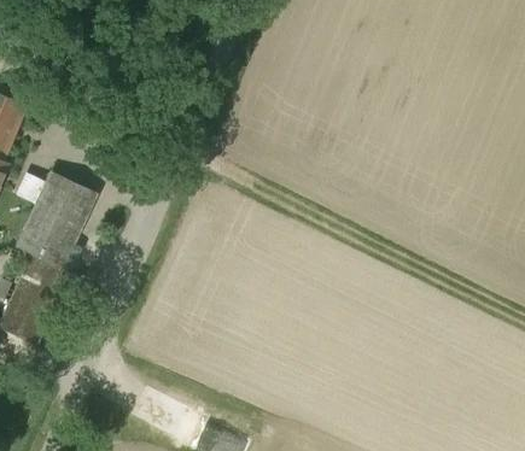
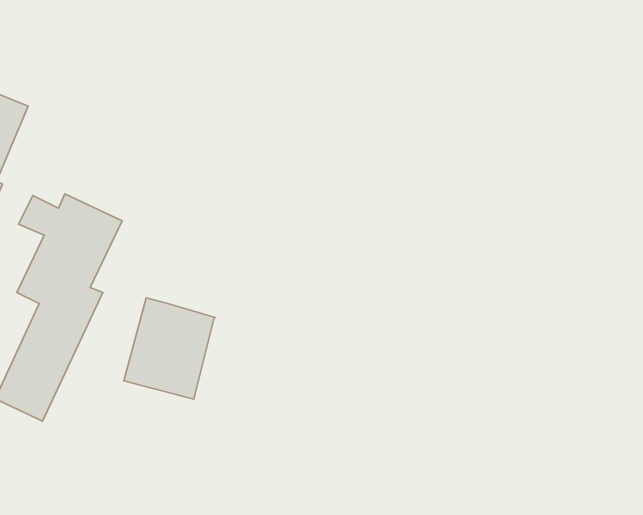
building: none -> [124,298,215,399]

